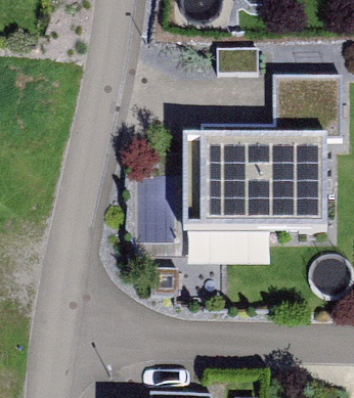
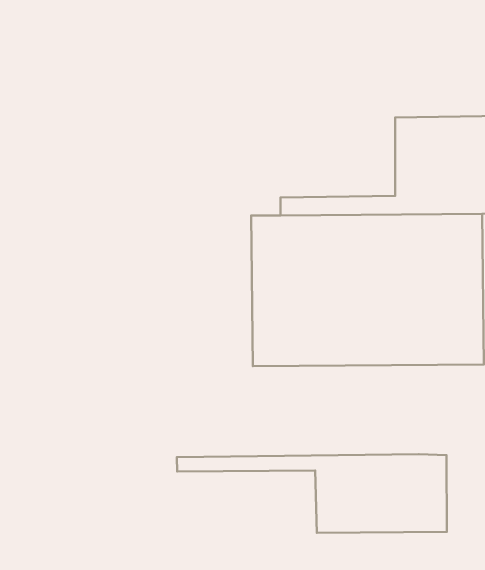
building: none -> [177,454,447,533]

